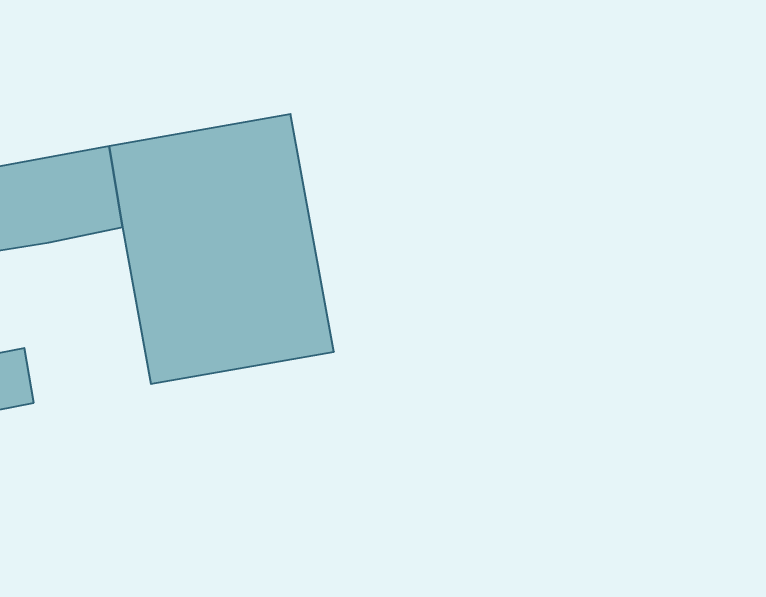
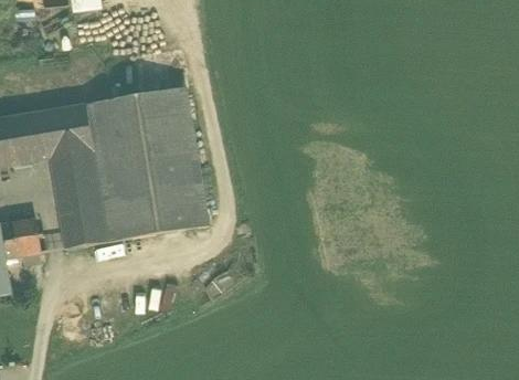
building: none -> [45,150,105,250]

